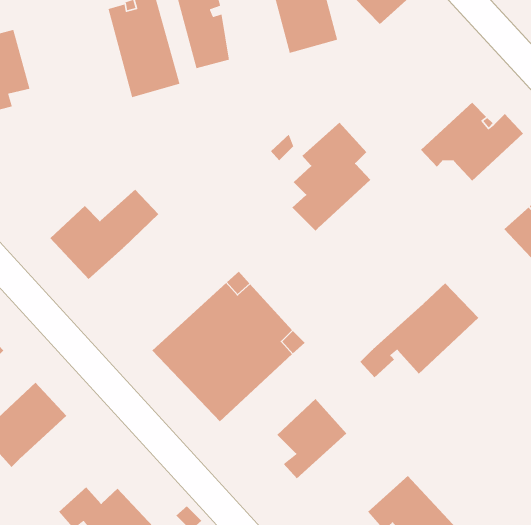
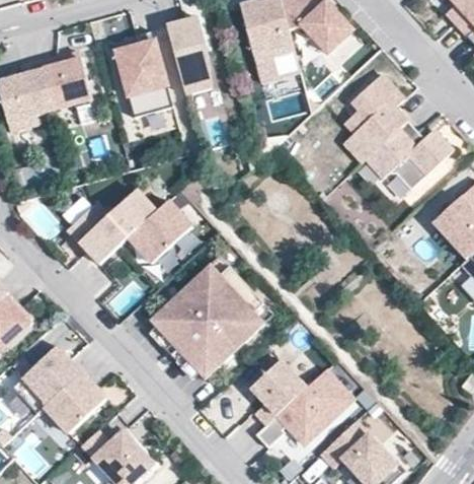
building: none -> [39,52,91,111]
building: [292,122,371,231] -> [343,74,407,162]
building: none -> [128,201,191,264]
building: [359,282,479,378] -> [256,370,352,447]
building: none -> [45,373,106,434]

